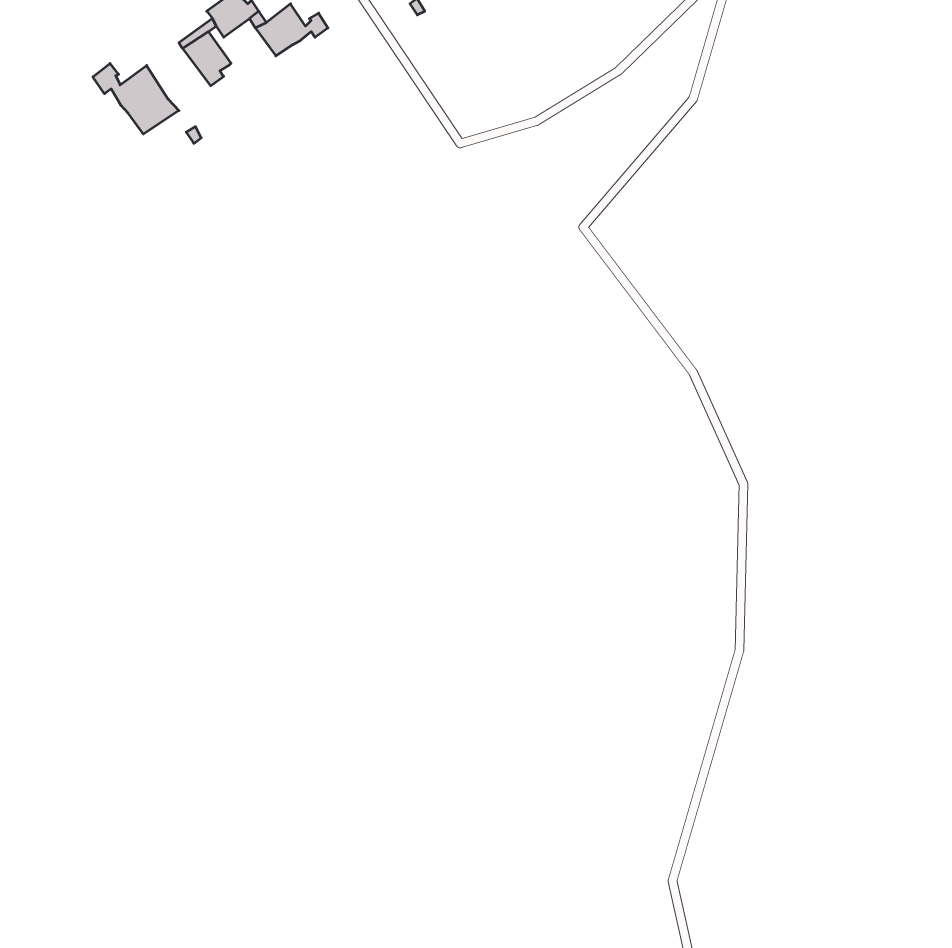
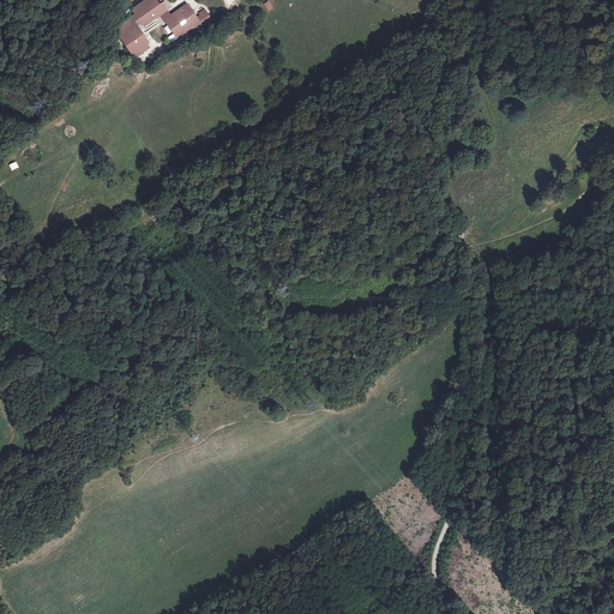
building: [93,63,179,134] -> none

